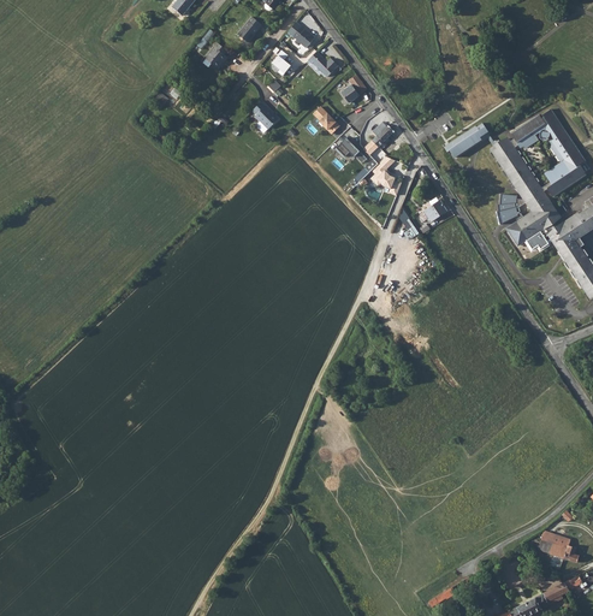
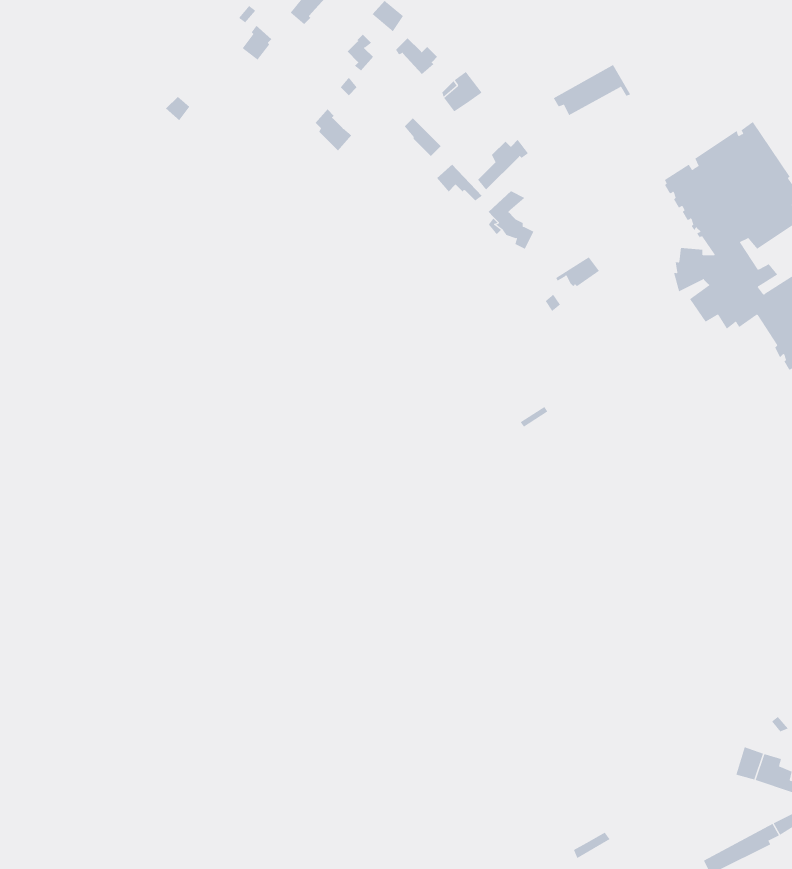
building: [445,123,498,158] -> [553,64,631,116]

